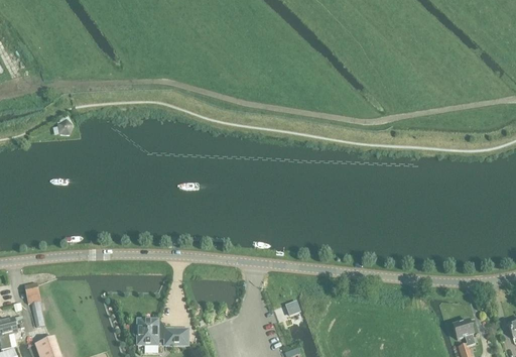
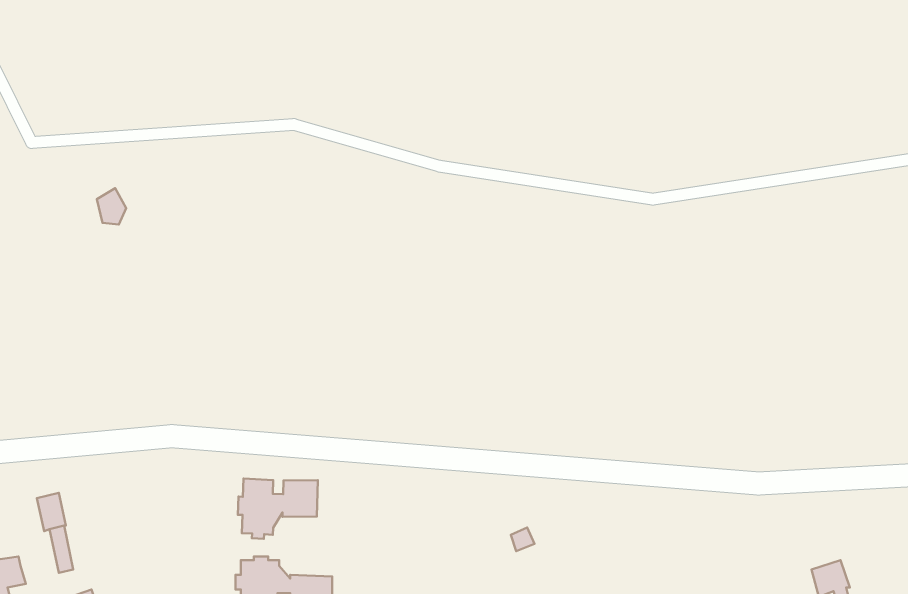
building: none -> [238,479,318,539]

